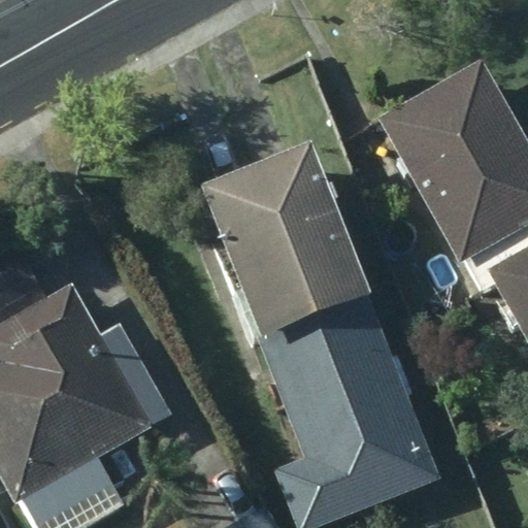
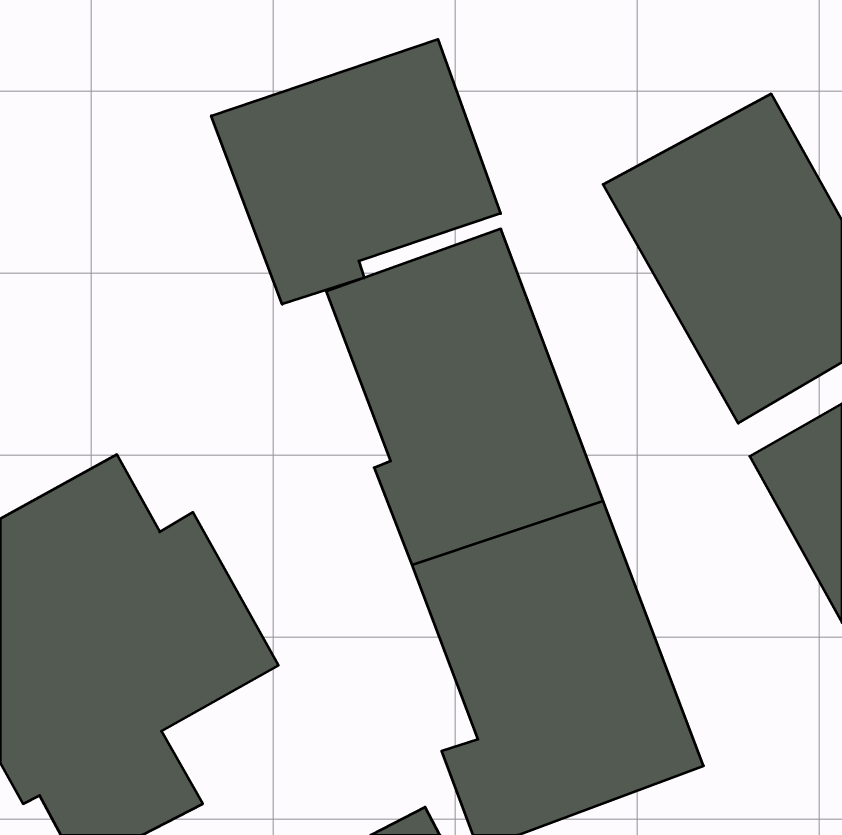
building: none -> [211,39,501,304]

